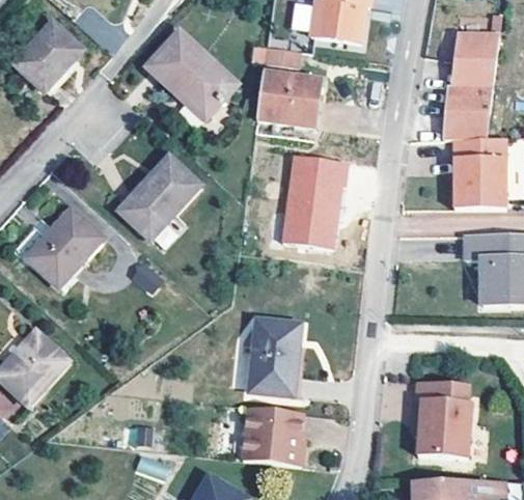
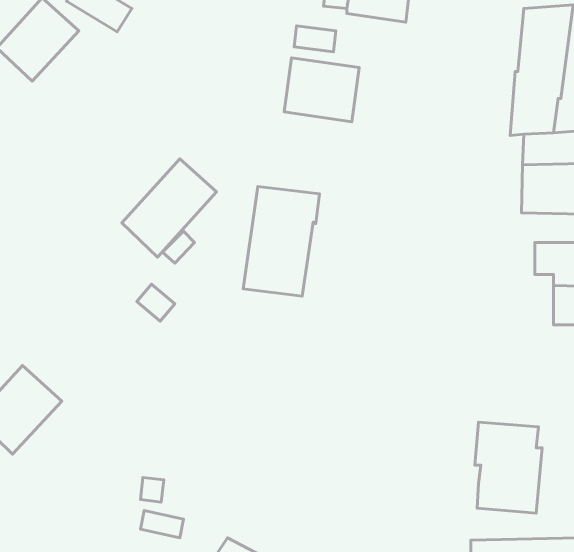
building: [144,31,237,120] -> none
building: [284,156,349,248] -> [243,187,319,296]
building: [26,209,102,287] -> none
building: [248,321,300,397] -> none
building: [241,407,302,466] -> none

